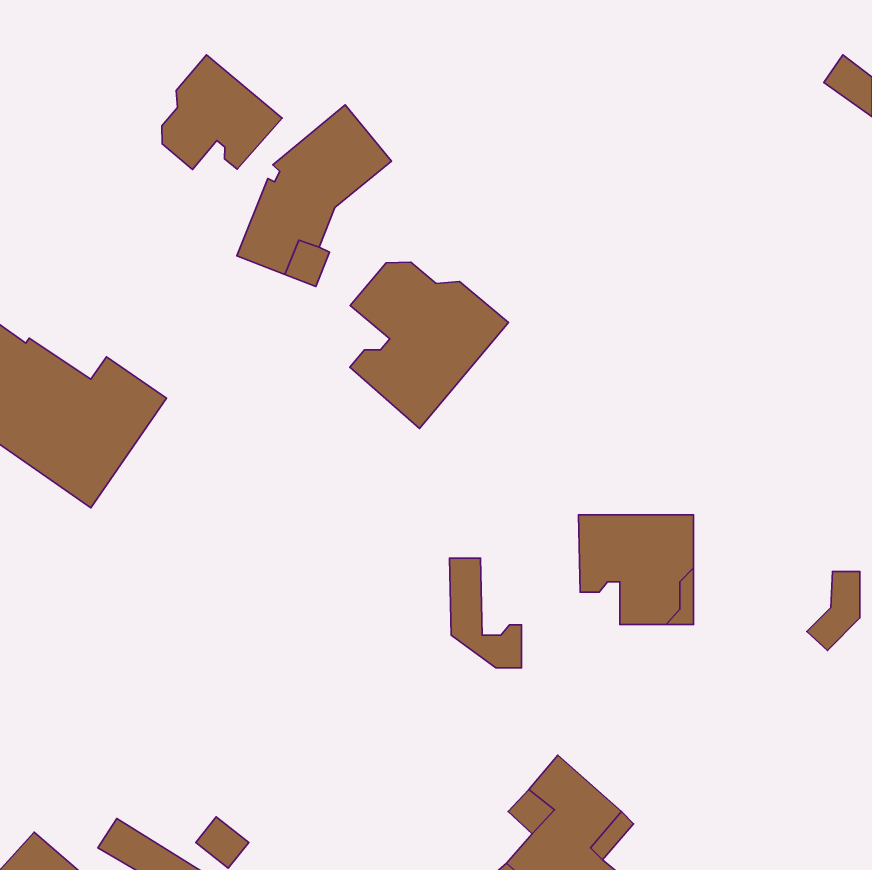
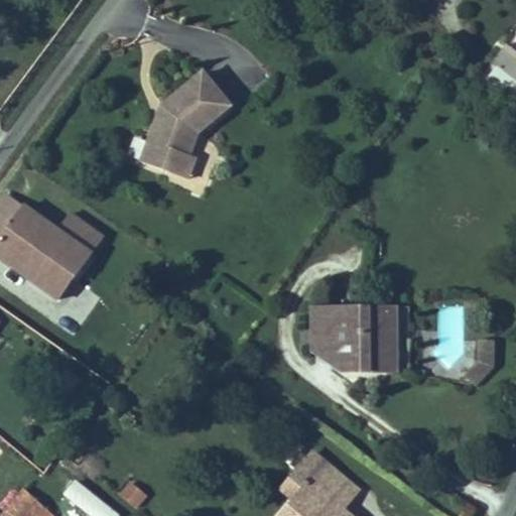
building: [162,55,282,170] -> none
building: [350,262,508,428] -> none
building: [449,558,522,668] -> [321,306,364,371]

